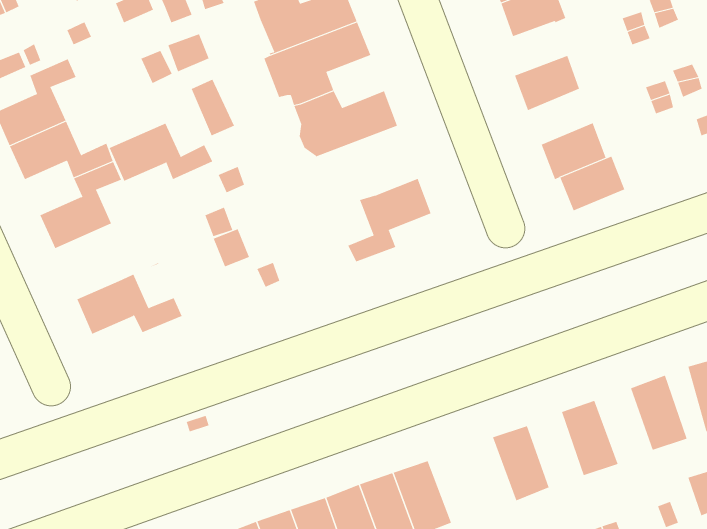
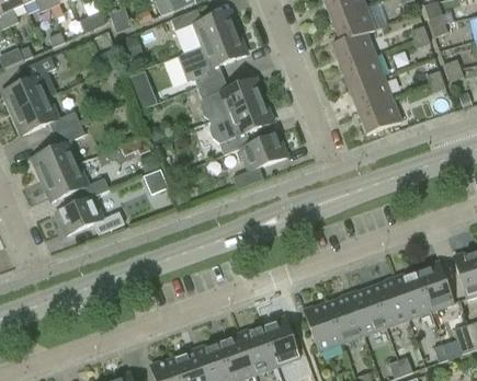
building: none -> [331,32,375,67]
building: [109,123,213,182] -> [41,163,109,201]
building: none -> [208,100,273,154]
building: [560,156,625,211] -> [349,76,391,112]
building: none -> [393,270,430,320]
building: none -> [349,286,385,335]
building: none -> [303,302,341,351]

